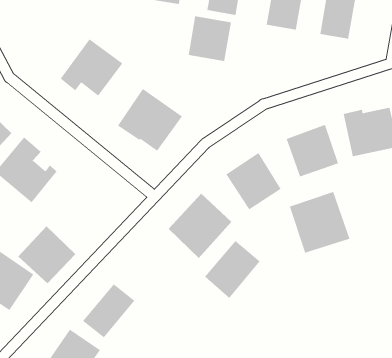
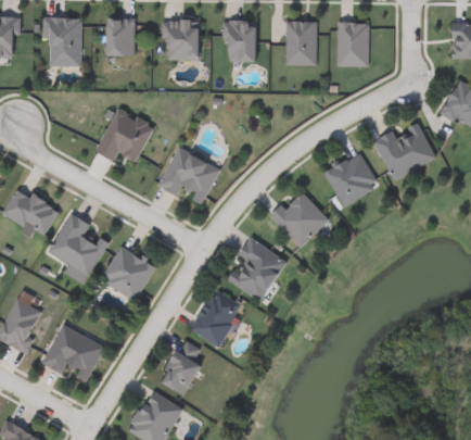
building: [188,16,231,62] -> none
building: [289,191,350,254] -> none
building: [17,225,76,284] -> [100,246,156,302]
building: [204,240,261,299] -> [190,290,242,348]

